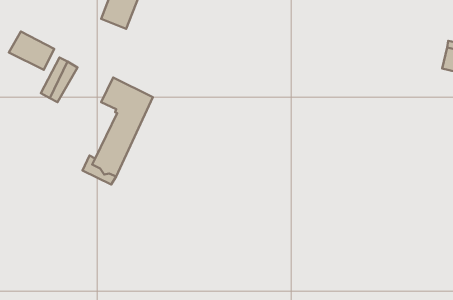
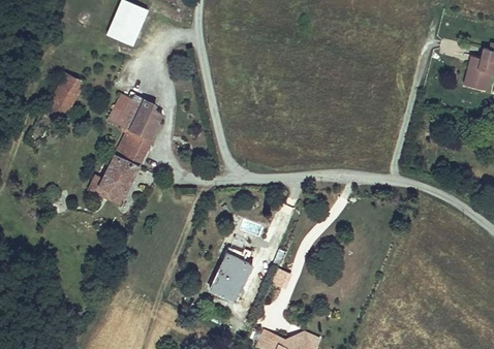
building: [9,31,54,70] -> none
building: none -> [210,247,249,300]

